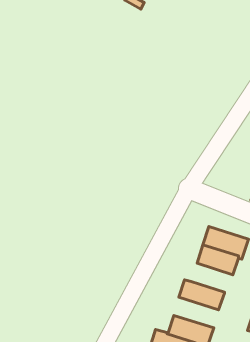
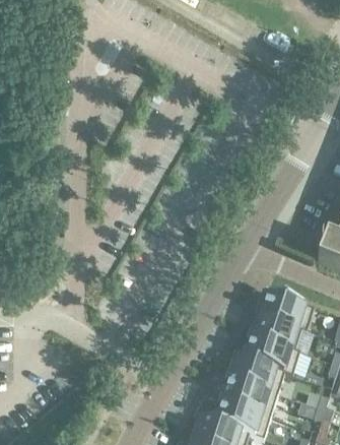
building: none -> [243,334,298,373]
building: none -> [221,376,276,414]

